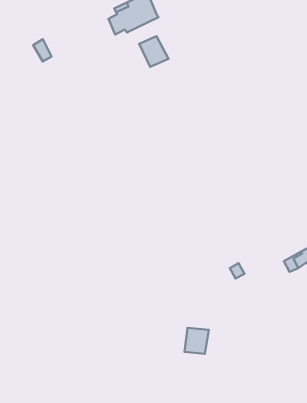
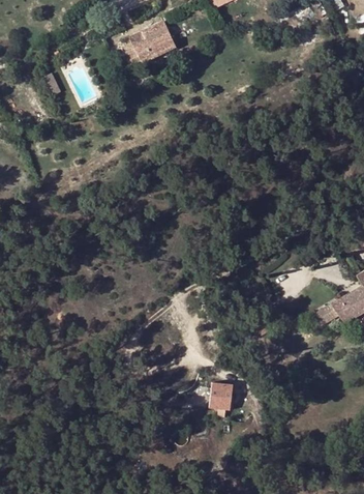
building: [139,36,168,67] -> none

